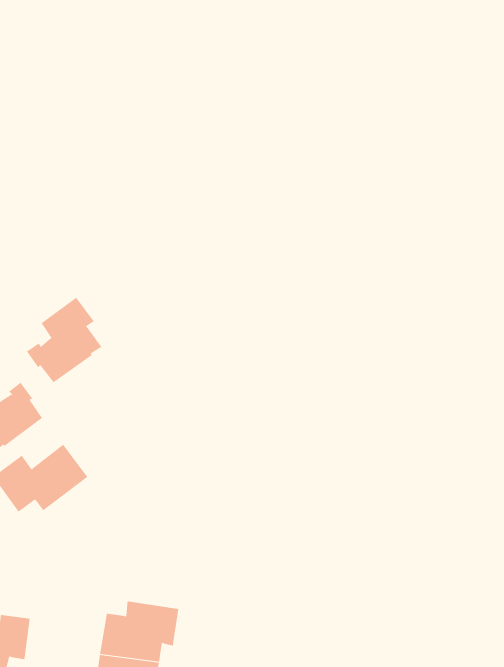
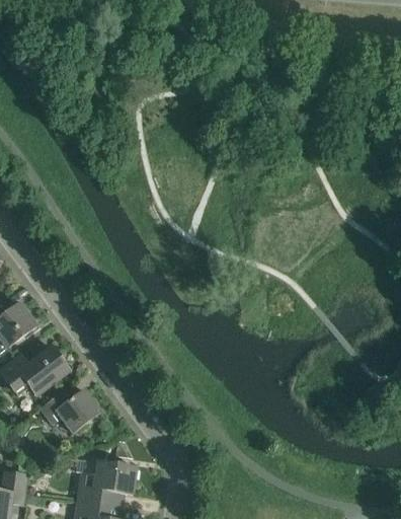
building: [26,297,102,383] -> none
building: none -> [39,390,100,433]

